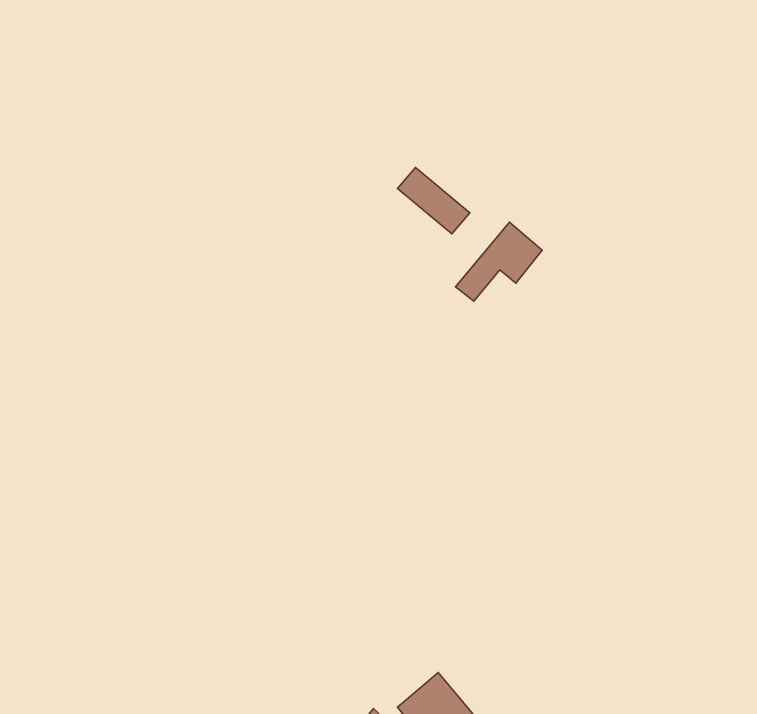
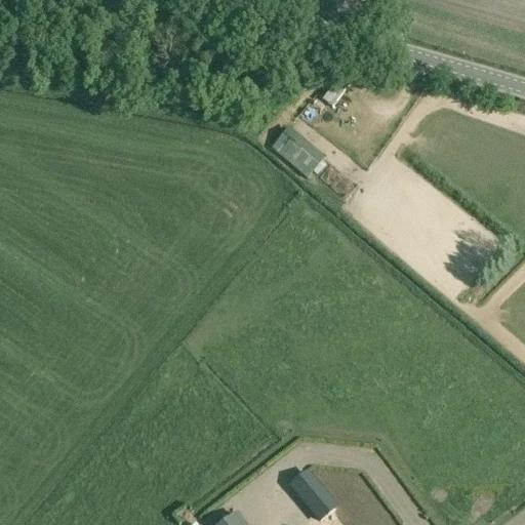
building: [455,222,542,301] -> none

